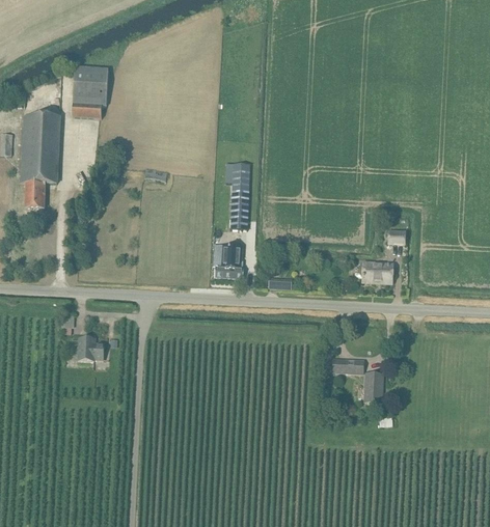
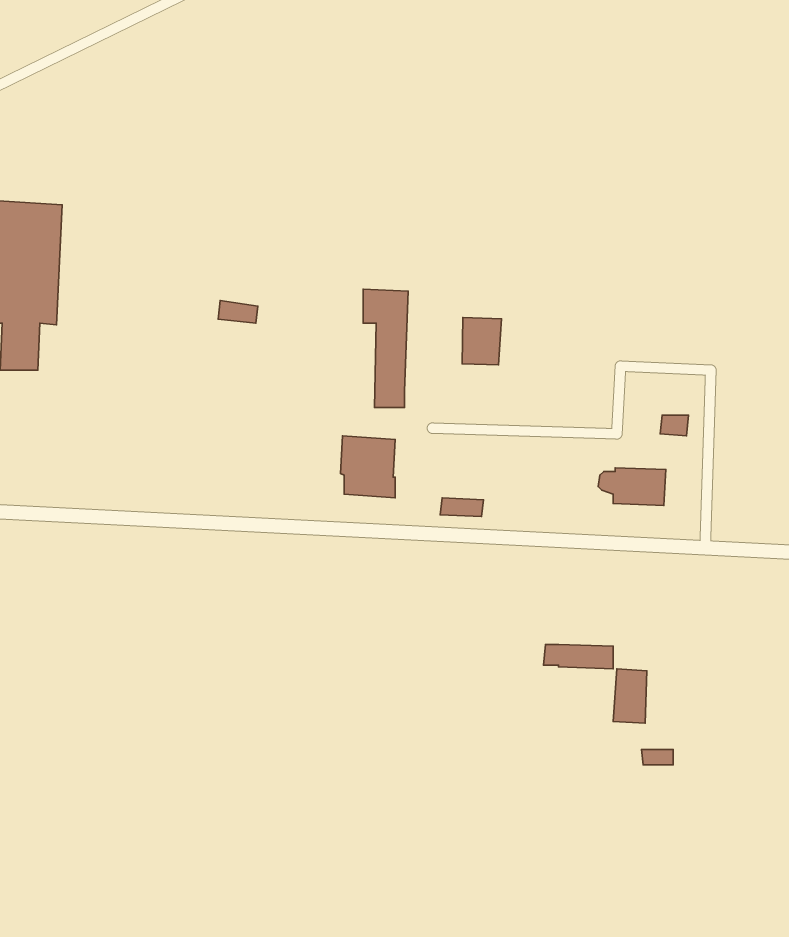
building: [72,66,108,115] -> none
building: none -> [462,317,501,365]
building: [78,335,105,359] -> none

